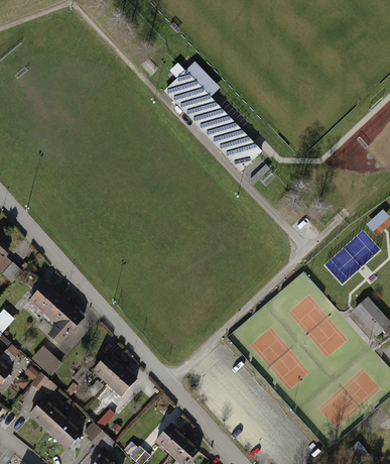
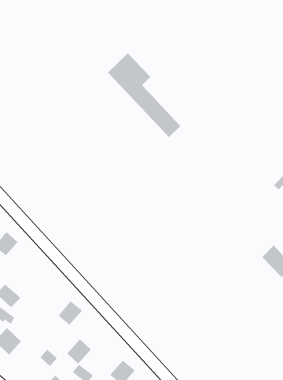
building: [43,295,85,344] -> none
building: [91,352,121,383] -> none
building: [47,415,82,449] -> none
building: [154,424,184,455] -> [66,339,91,365]

